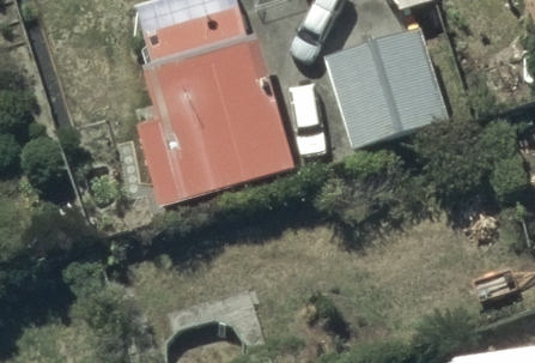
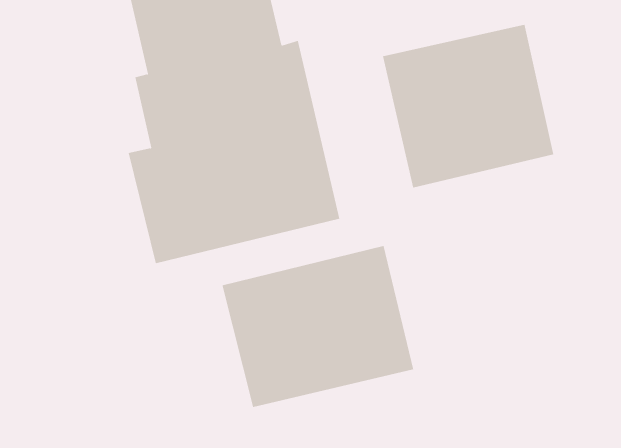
building: none -> [222,245,414,408]

